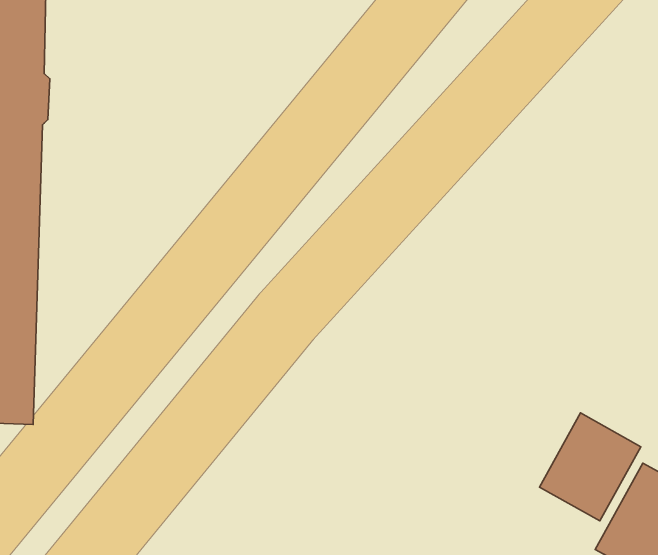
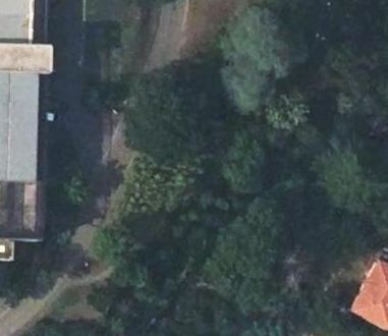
building: [540,413,641,521] -> none

